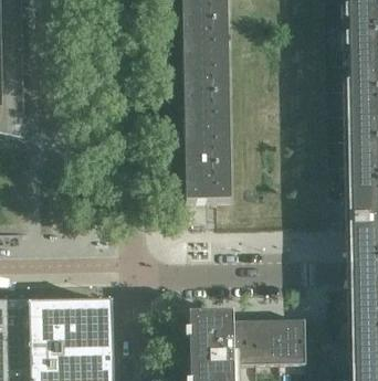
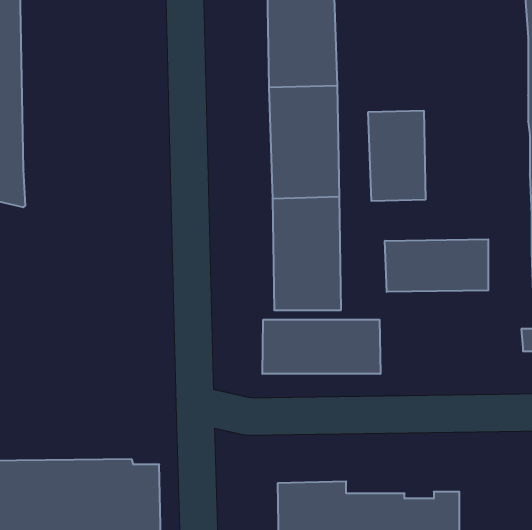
building: none -> [368,111,425,201]
building: none -> [385,239,488,292]
building: none -> [262,320,380,374]

